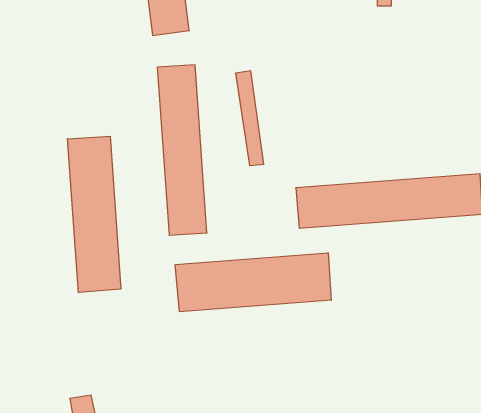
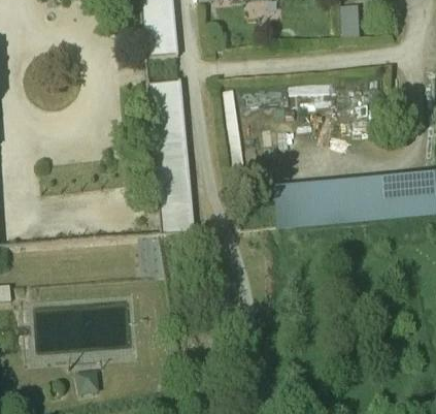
building: [68,136,121,293] -> none
building: [175,253,331,312] -> none

